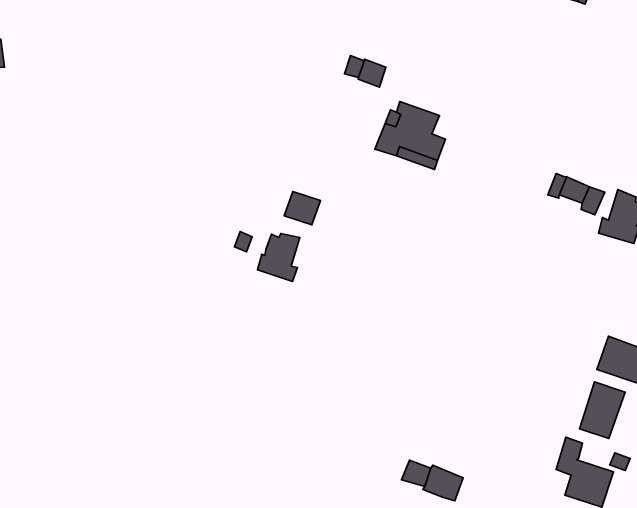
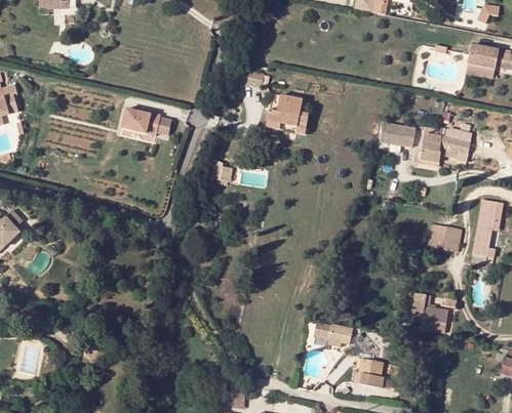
building: none -> [125,108,164,133]
building: [258,233,300,281] -> none
building: [580,382,625,438] -> none

